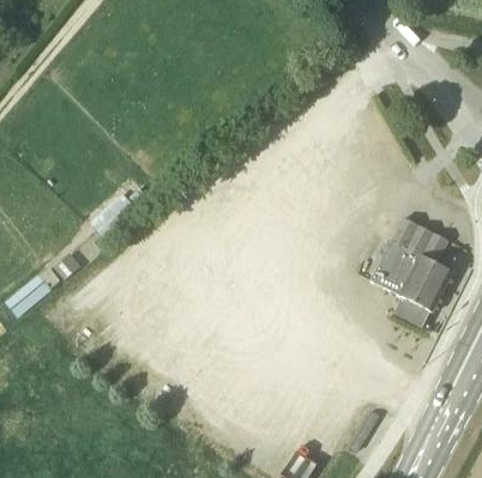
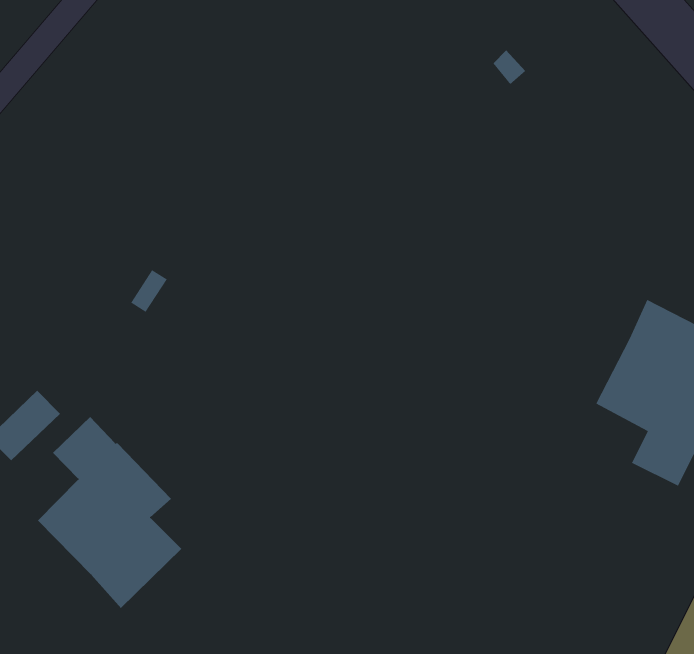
building: none -> [37,416,182,609]

